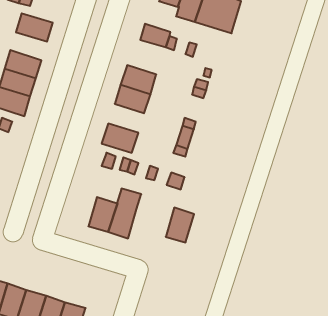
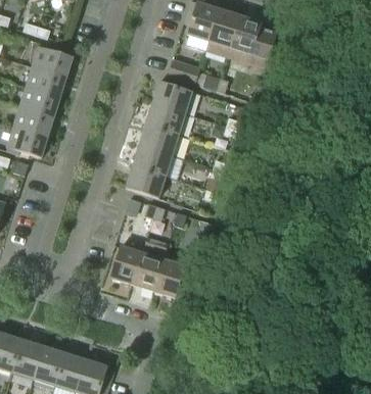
building: none -> [26,67,65,98]
building: none -> [152,82,191,113]
building: none -> [132,145,171,177]
building: [166,208,194,242] -> [153,259,184,297]

